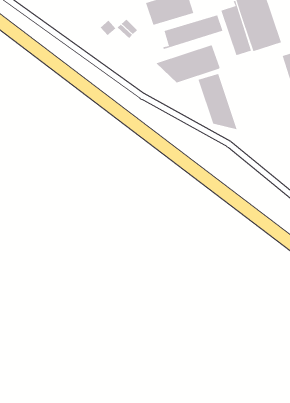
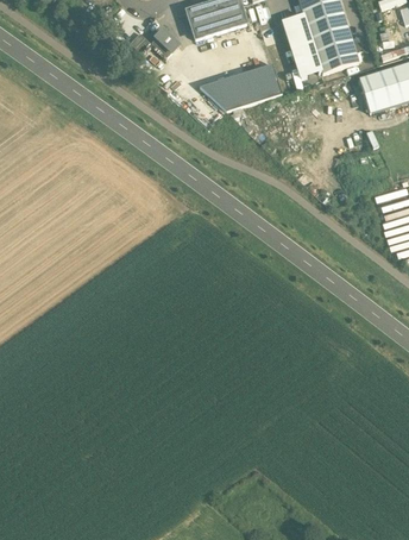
building: [162,14,223,50] -> none
building: [198,73,238,130] -> none

